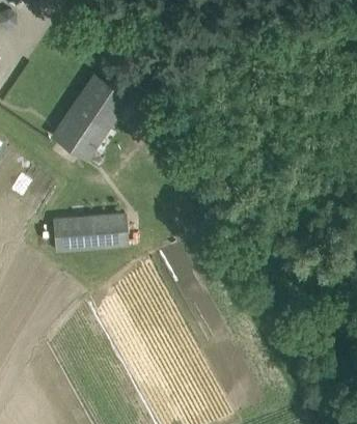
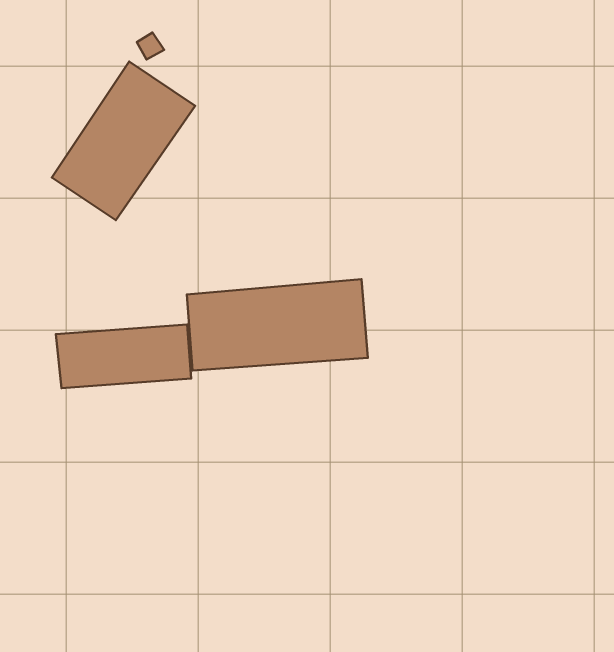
building: none -> [187,279,368,371]

